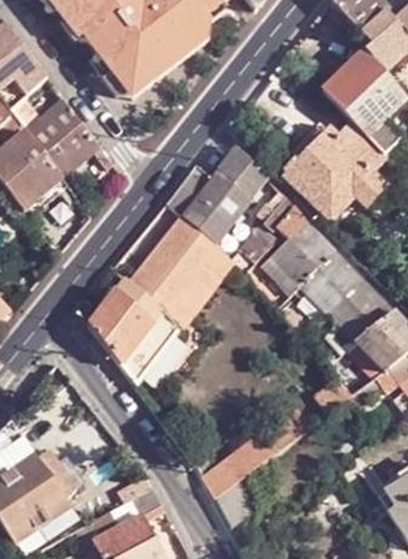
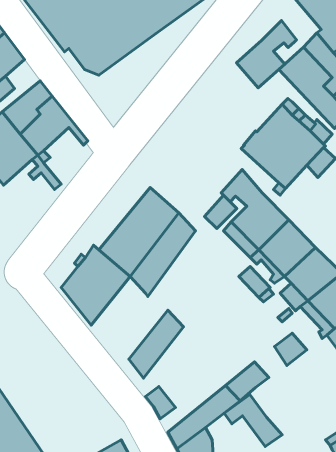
building: none -> [236,20,297,88]
building: [167,144,266,242] -> none
building: [120,310,179,383] -> [129,310,183,378]
building: none -> [224,395,282,447]

